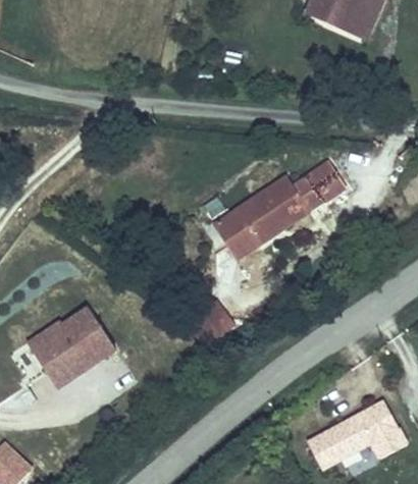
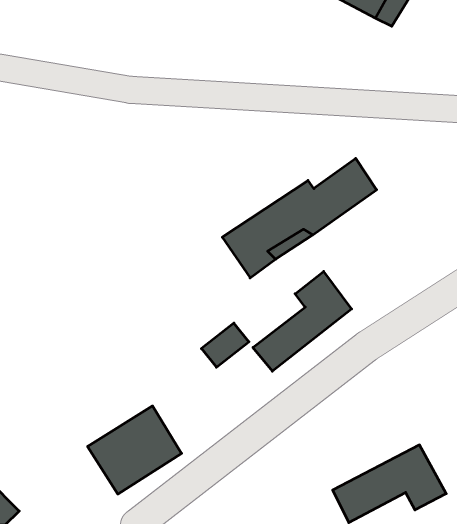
building: none -> [253,271,352,371]
building: [35,308,117,385] -> [88,406,182,494]

